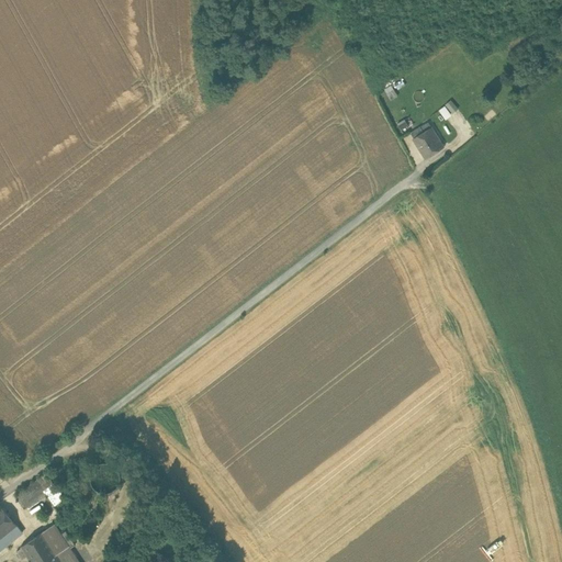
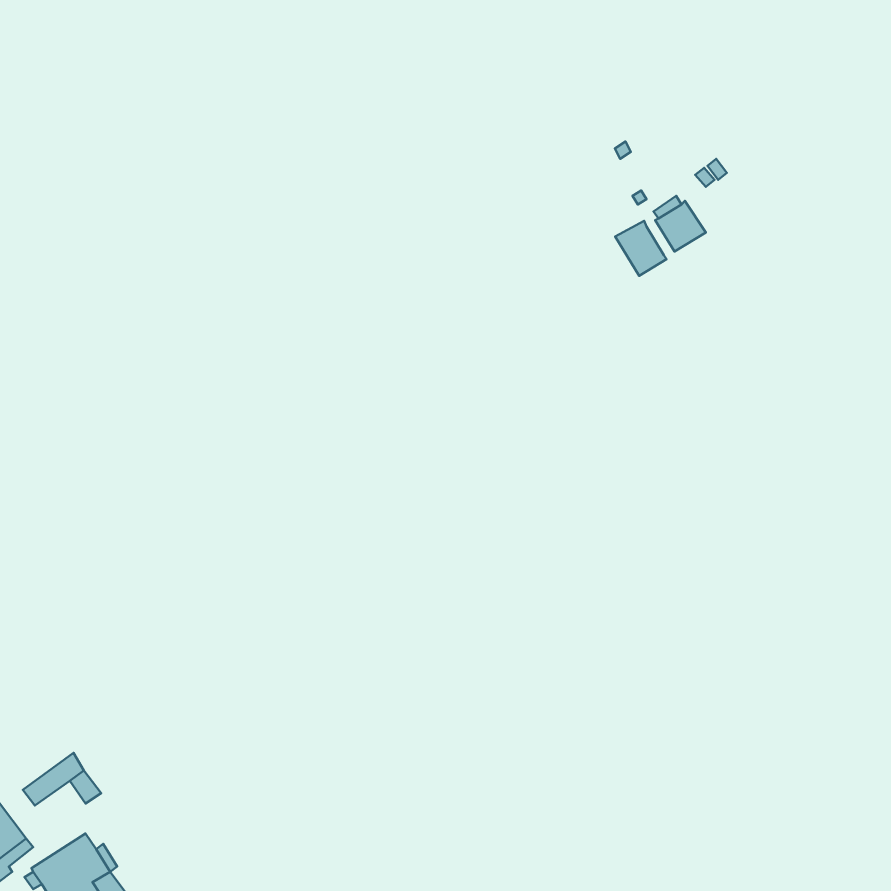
building: none -> [615,221,667,276]

